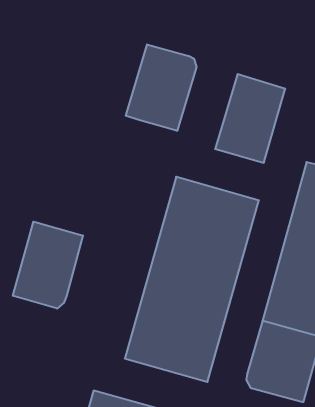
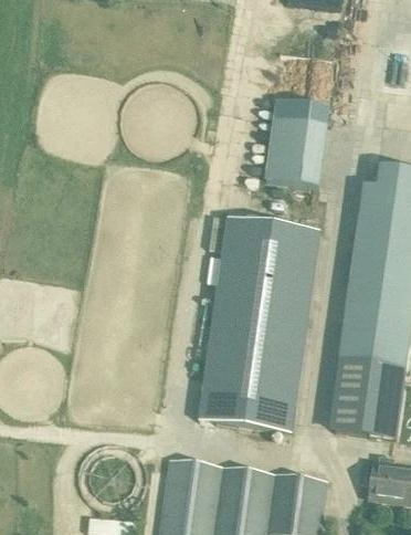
building: [126,44,196,131] -> none
building: [13,222,83,309] -> none

